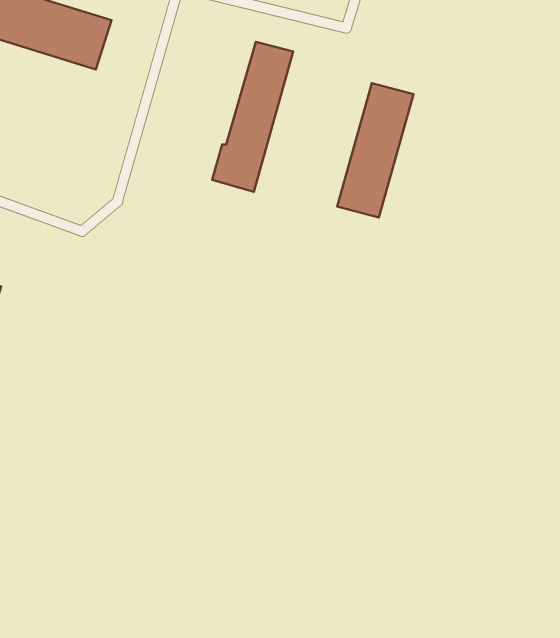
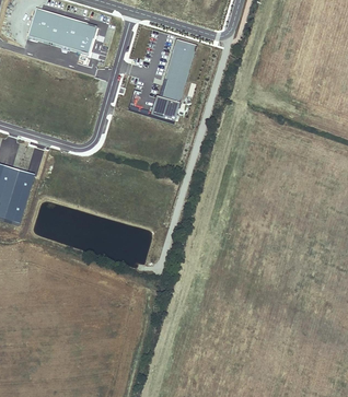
building: [337,83,413,217] -> none

